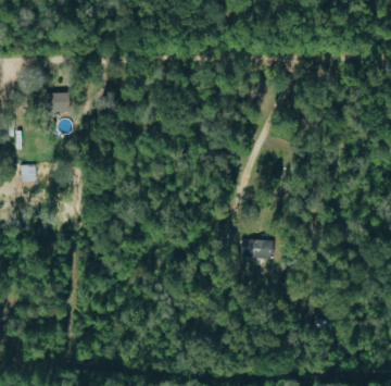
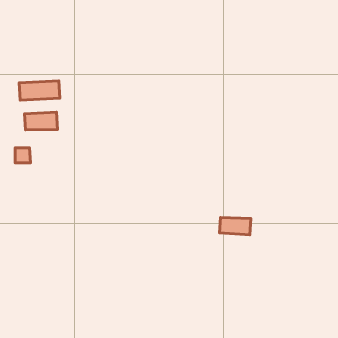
building: none -> [25,112,57,130]

